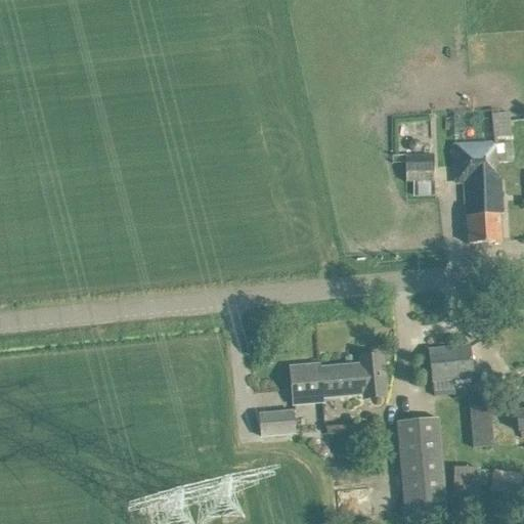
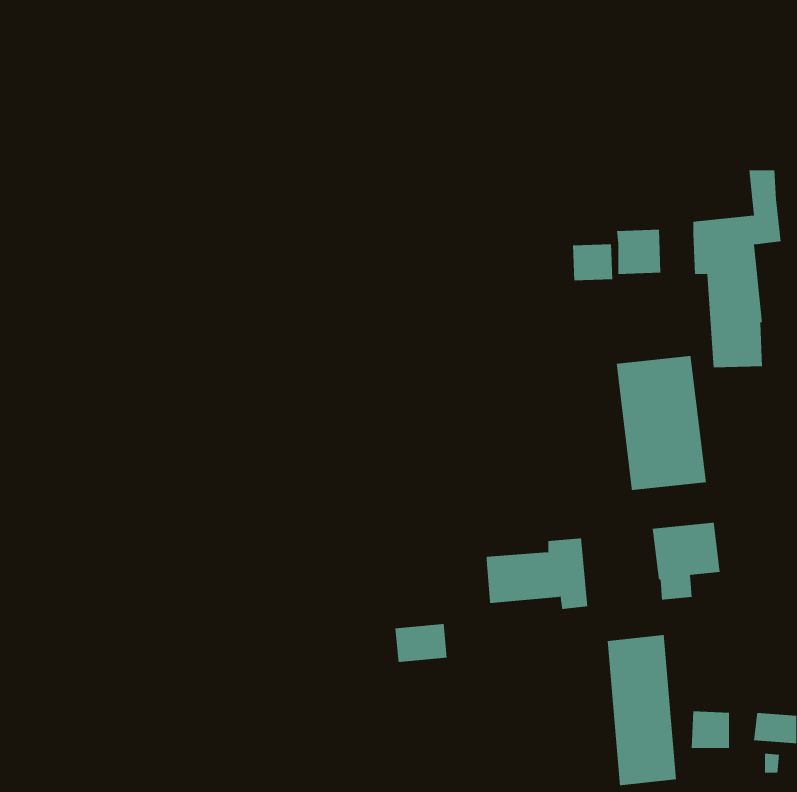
building: none -> [572,244,613,281]
building: none -> [616,355,706,491]
building: [290,362,321,403] -> none
building: [468,391,494,446] -> none

